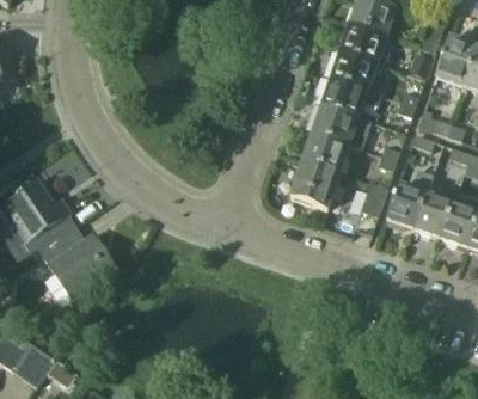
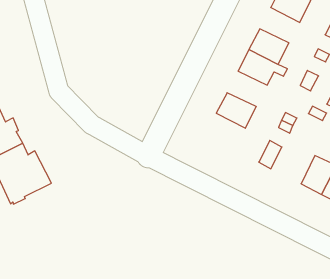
building: [341,23,387,62] -> none
building: [312,104,370,148] -> none
building: [290,158,339,208] -> none
building: [386,176,431,228] -> none

